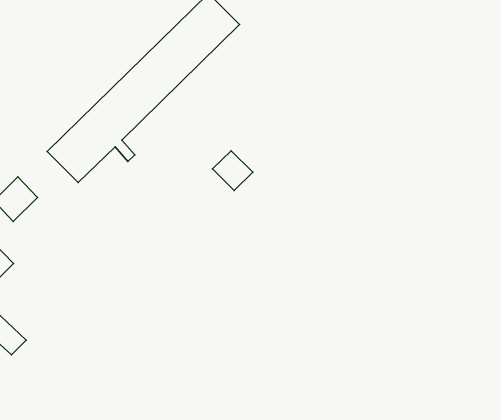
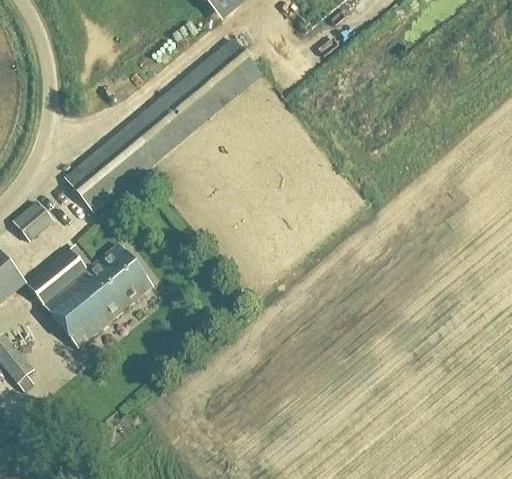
building: [213,151,253,190] -> none
building: none -> [26,241,153,345]

